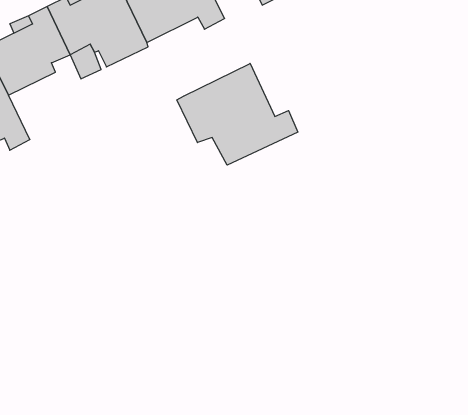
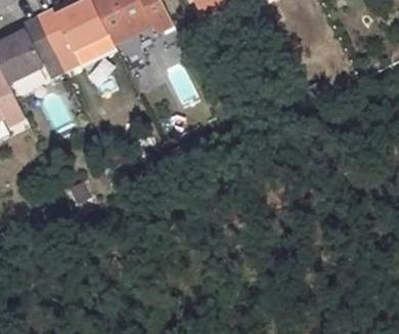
building: [177,63,298,165] -> none

